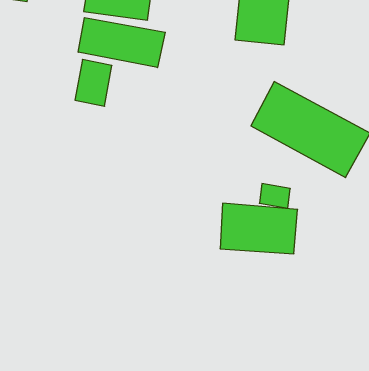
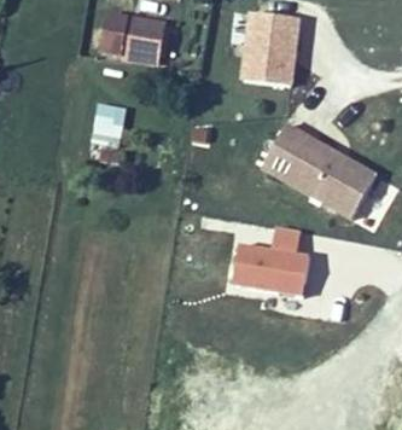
building: [78,18,165,68] -> none

